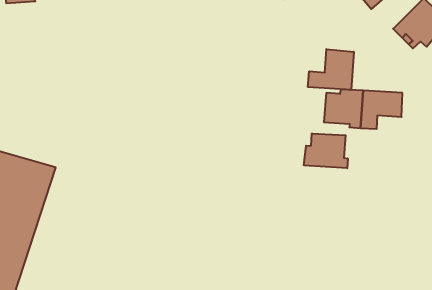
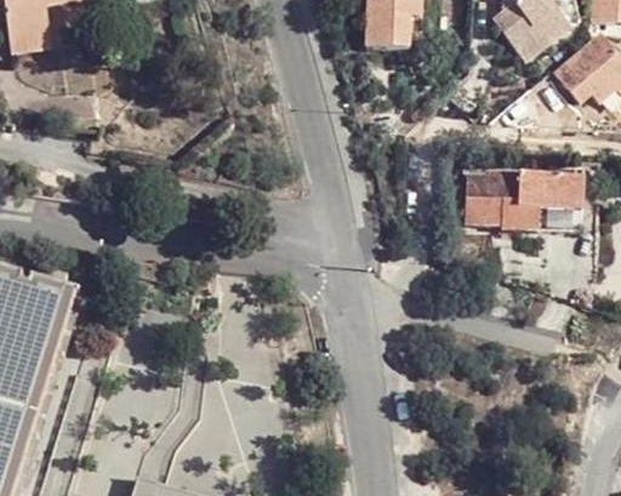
building: [308,49,354,90] -> none
building: [304,133,348,168] -> none

